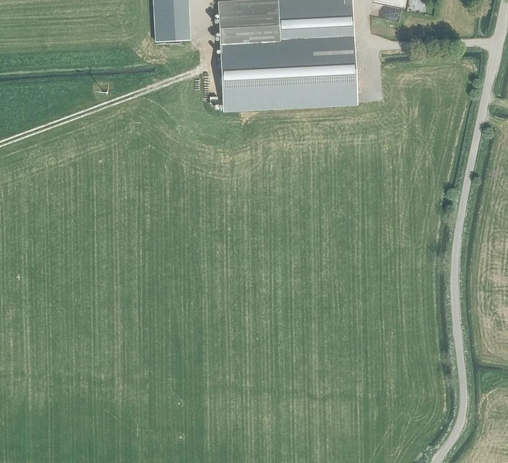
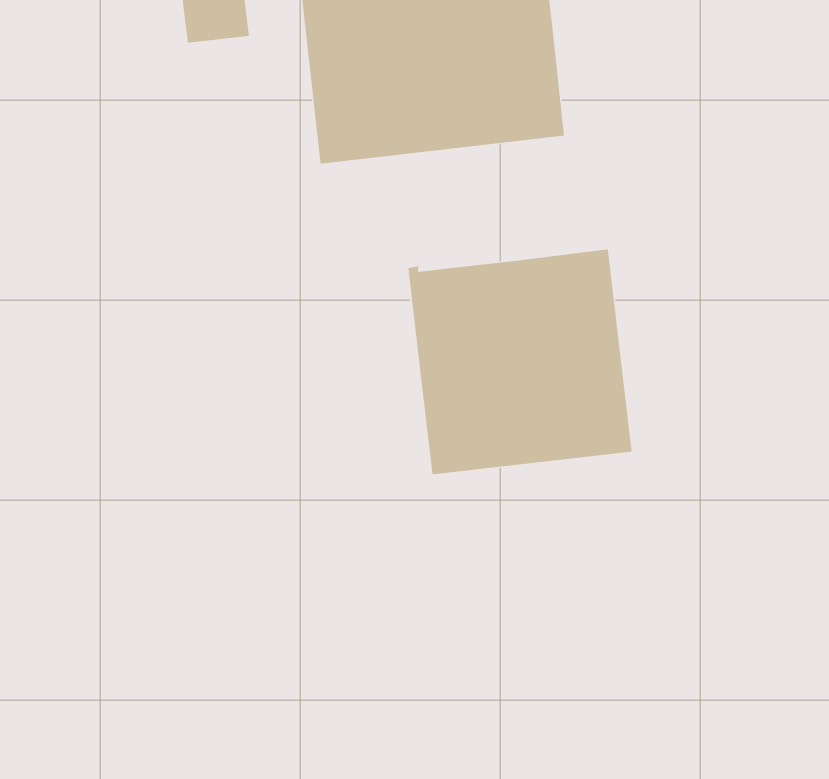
building: none -> [407,248,633,475]

